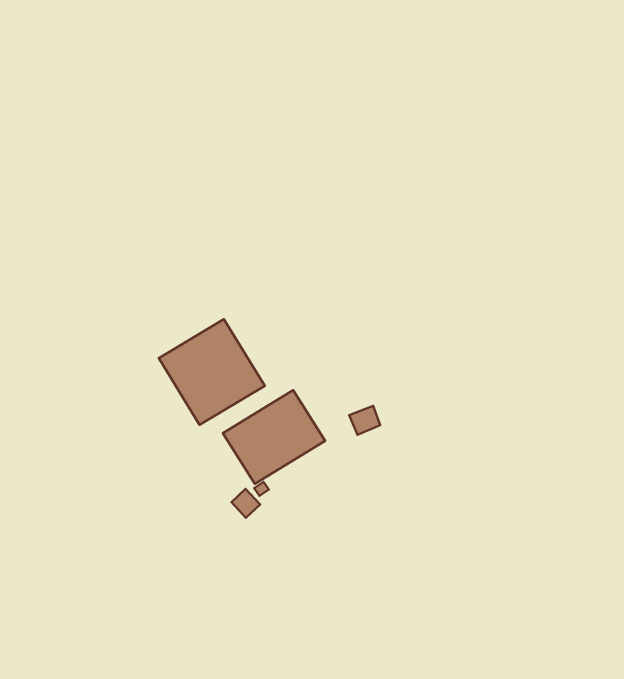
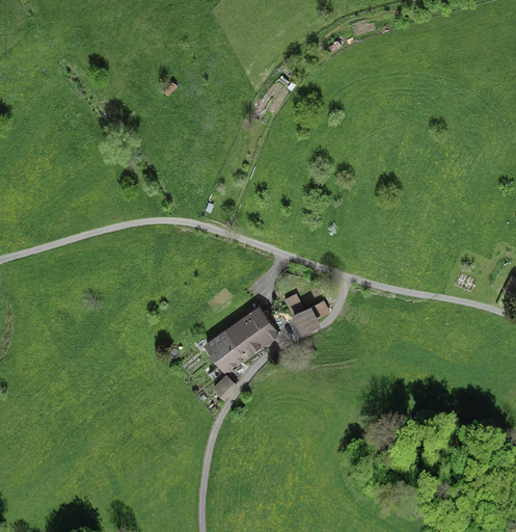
building: [159,319,265,425] -> none

